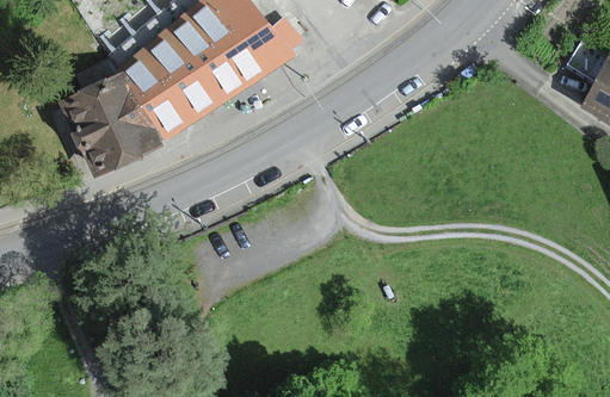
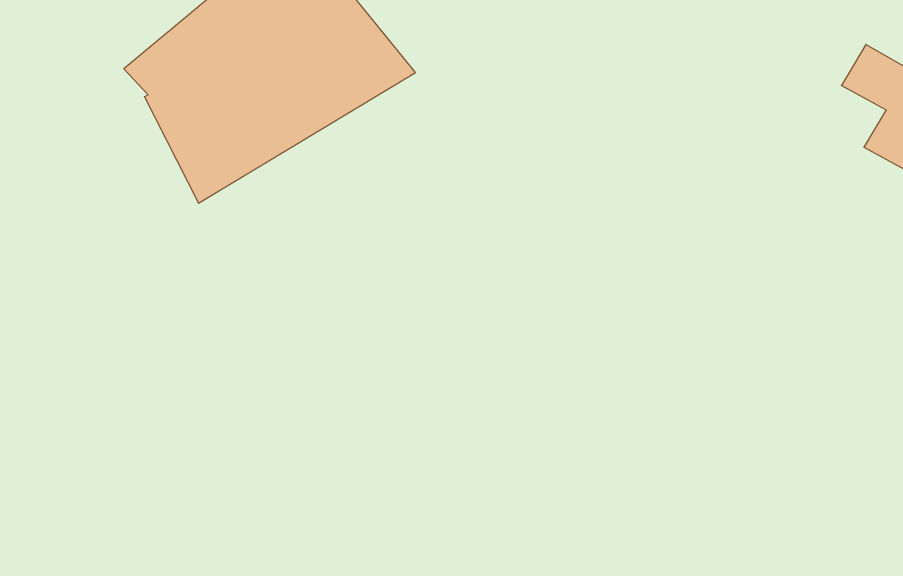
building: [60,73,155,172] -> none

